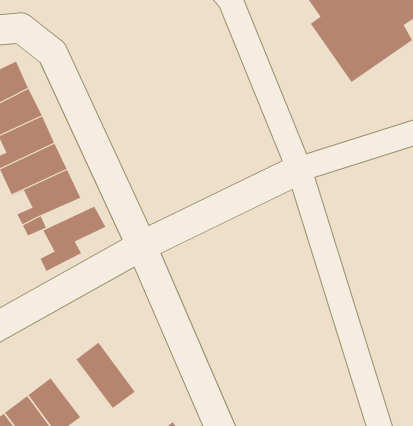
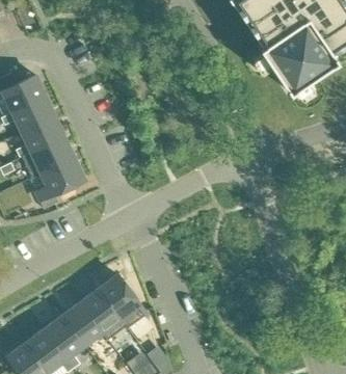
building: [40,206,106,272] -> none
building: none -> [98,274,147,327]
building: none -> [61,301,108,345]

